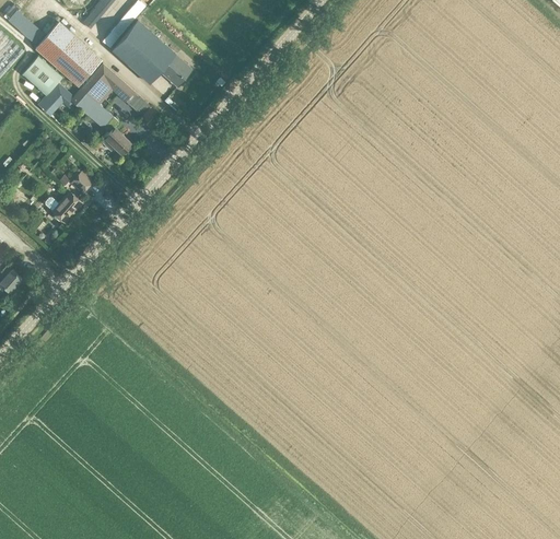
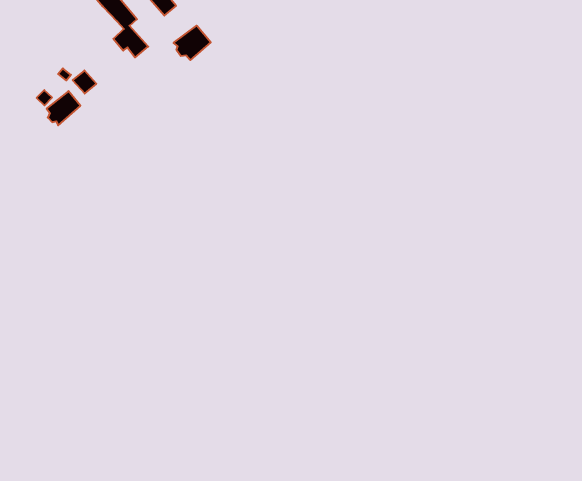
building: none -> [174,26,211,60]

